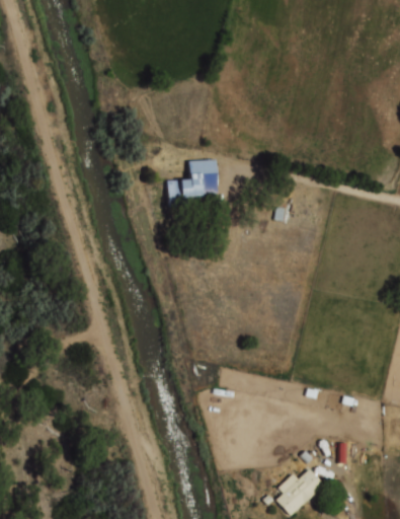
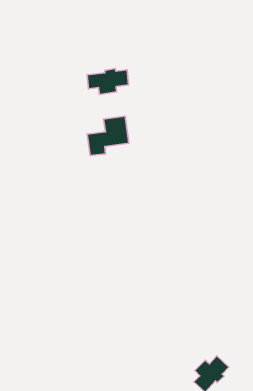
building: none -> [87,69,129,94]

